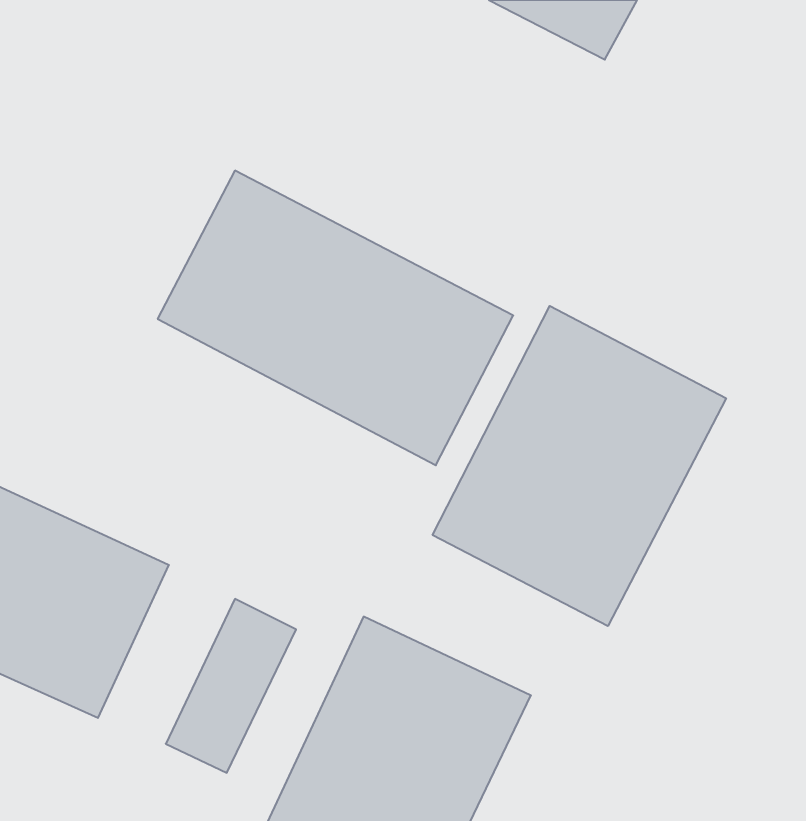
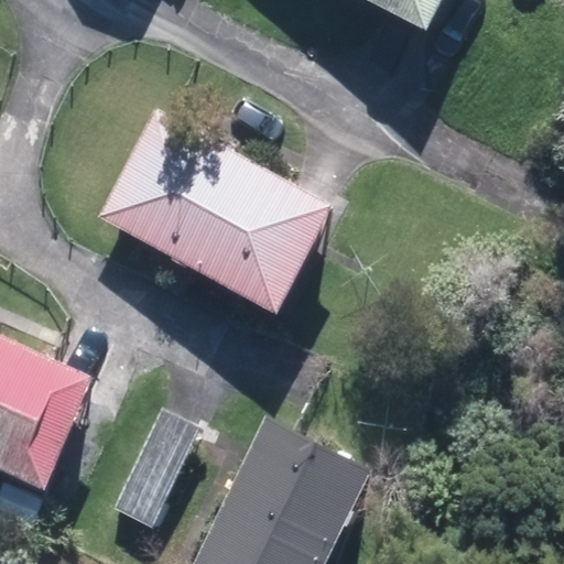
building: [433,306,726,626] -> none

